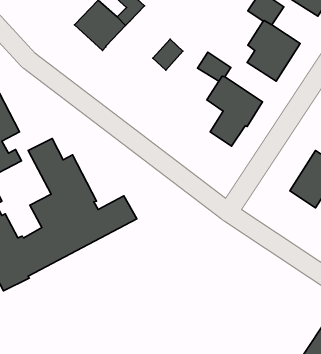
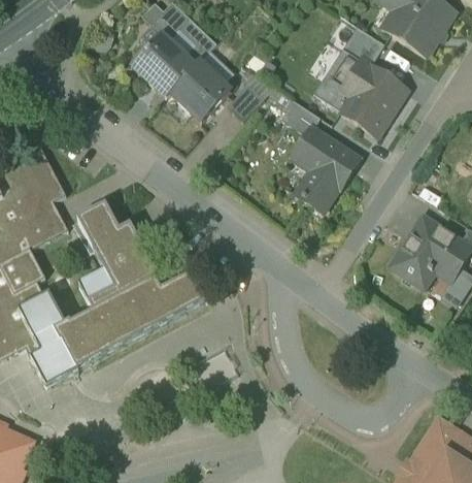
building: none -> [312,49,360,110]
building: none -> [170,61,230,121]

